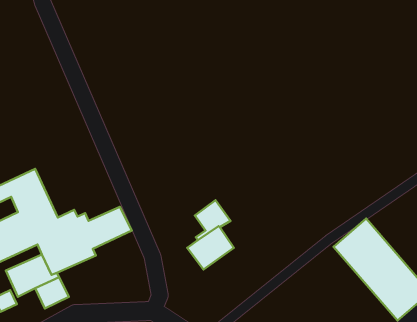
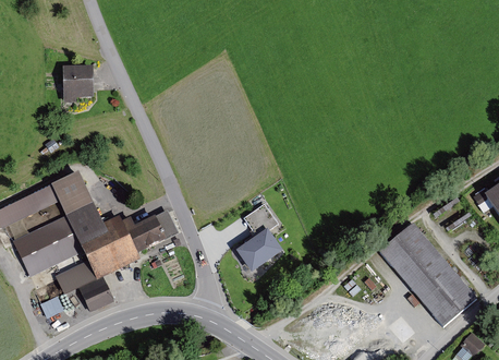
building: none -> [64,65,93,96]

